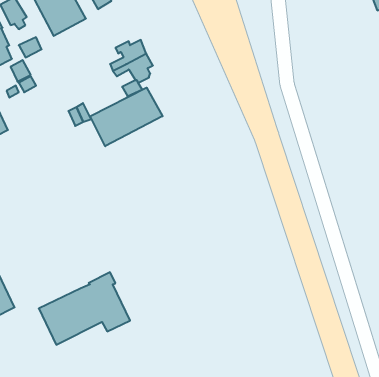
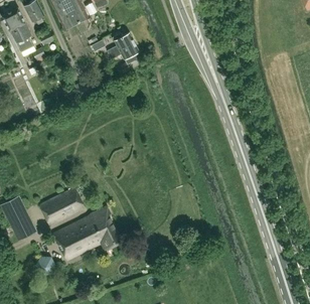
building: [90,88,163,146] -> none
building: none -> [40,186,85,225]

